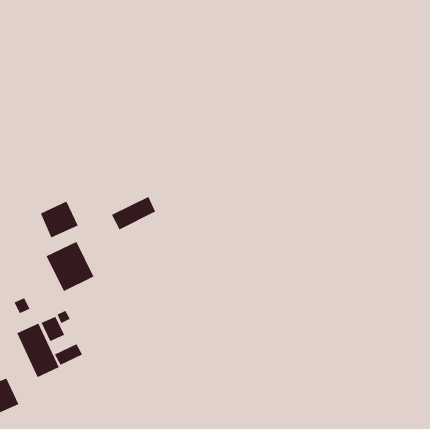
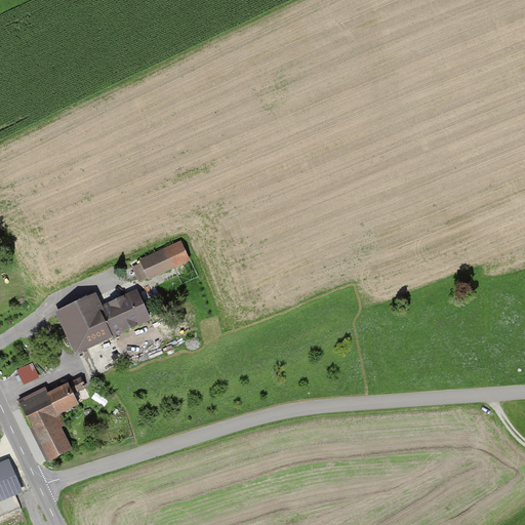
building: [40,200,79,238] -> [103,288,150,334]
building: [54,343,83,366] -> none

